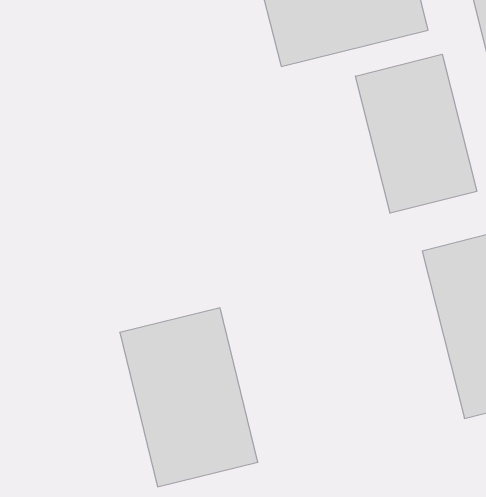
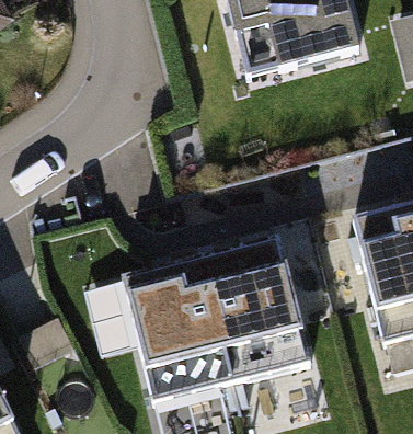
building: [355,54,477,213] -> none
building: none -> [203,245,307,380]

